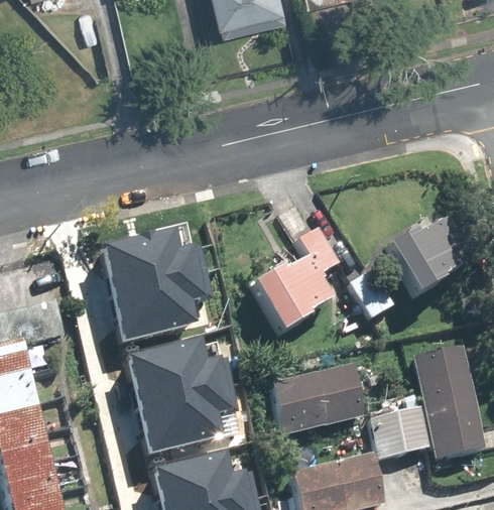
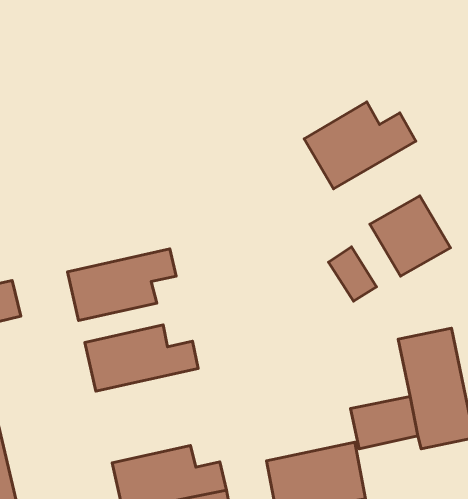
building: none -> [304,102,416,189]
building: [254,228,341,334] -> none
building: [99,230,204,292] -> none
building: [271,366,365,434] -> none
building: [135,382,236,449] -> none

